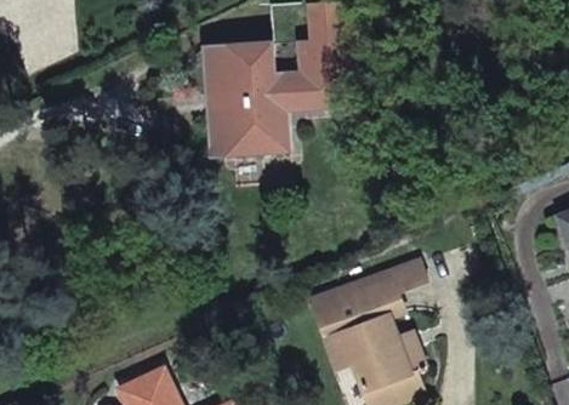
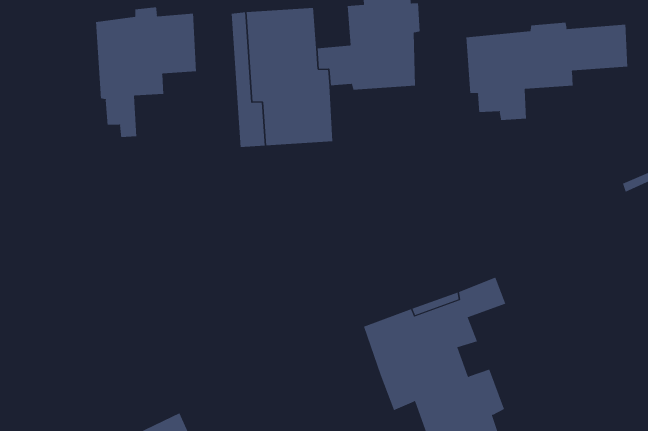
building: none -> [95,7,197,138]
building: none -> [466,22,628,121]

